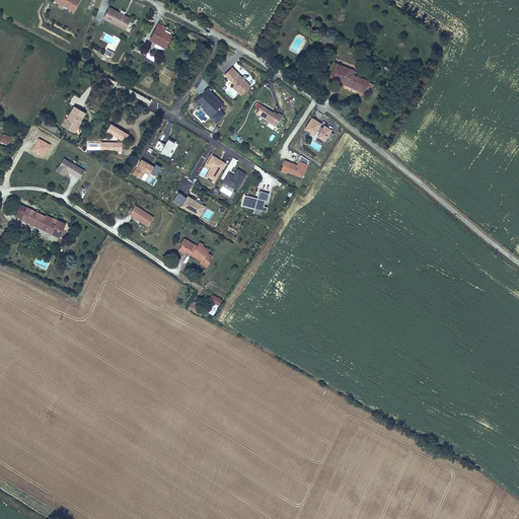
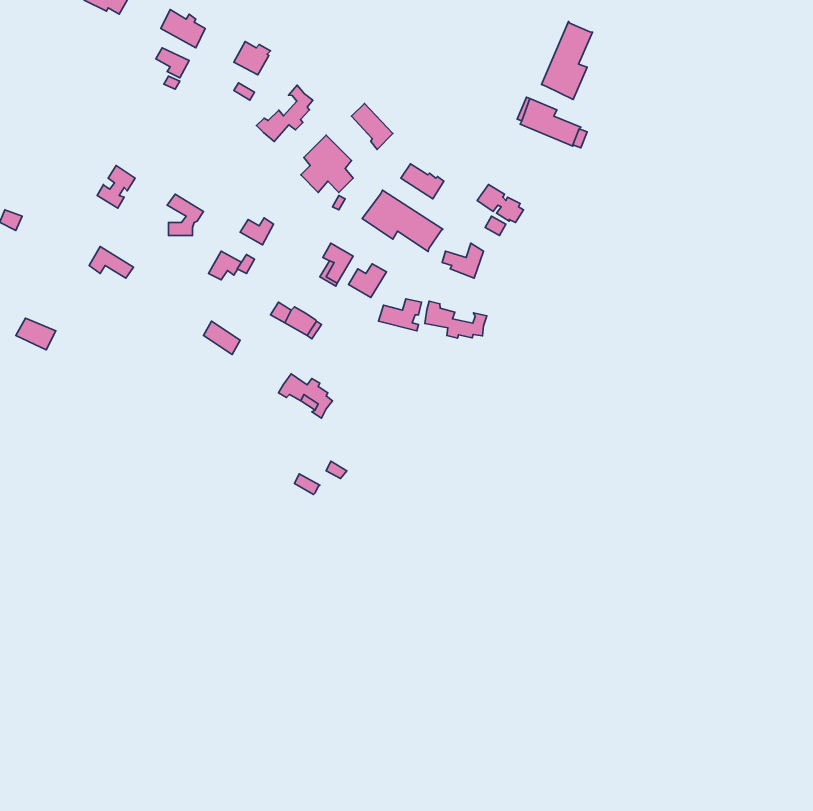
building: none -> [542,22,593,99]
building: none -> [257,85,313,141]
building: none -> [362,190,443,251]
building: none -> [425,301,487,338]
building: [29,211,67,237] -> none

